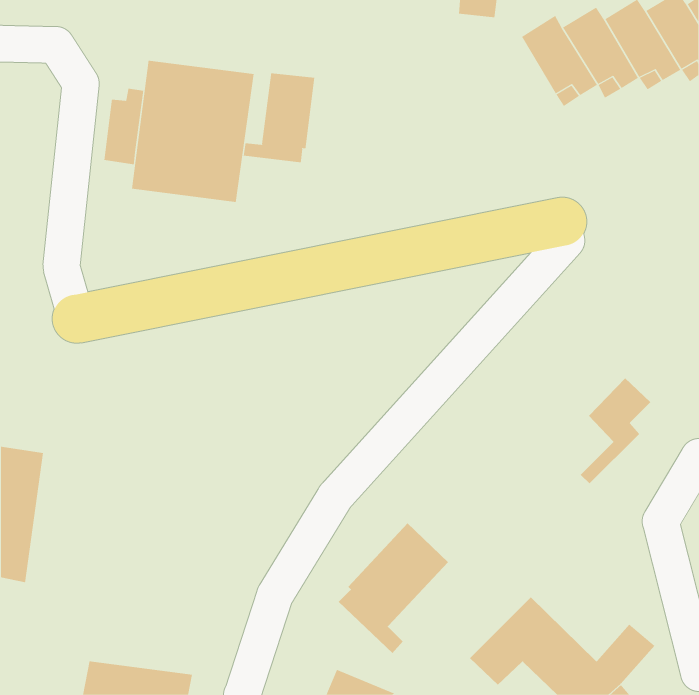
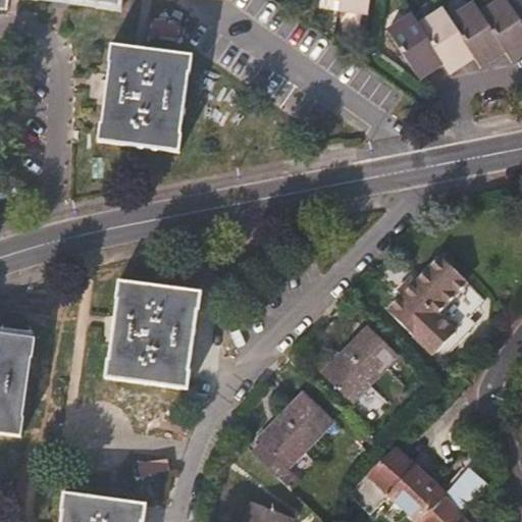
building: [243,72,315,163] -> none
building: [104,88,144,165] -> none
building: none -> [388,256,466,354]
building: none -> [107,279,199,386]
building: none -> [322,324,398,401]

